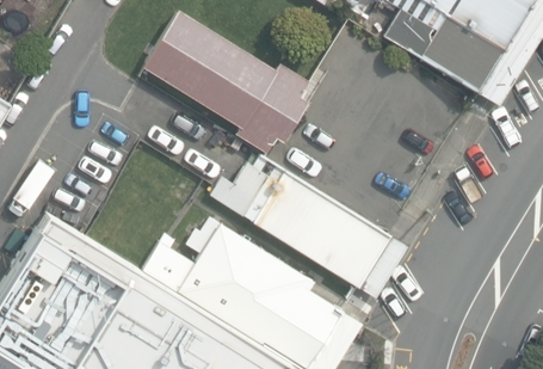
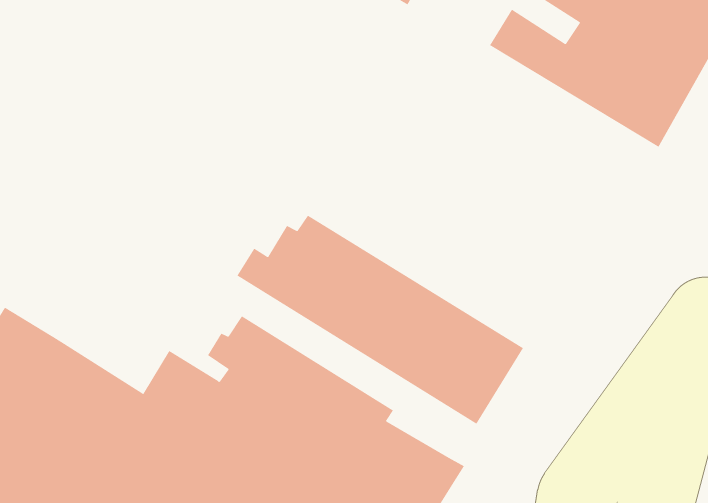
building: [146,12,311,153] -> none

